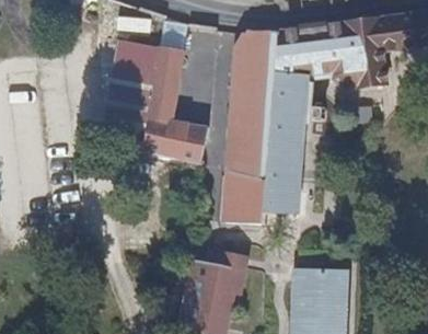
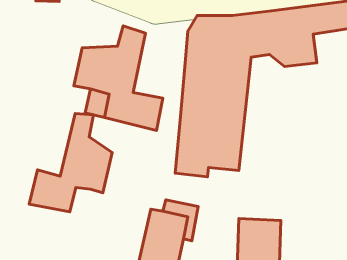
building: none -> [29,113,112,212]

